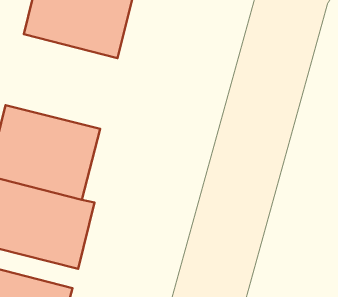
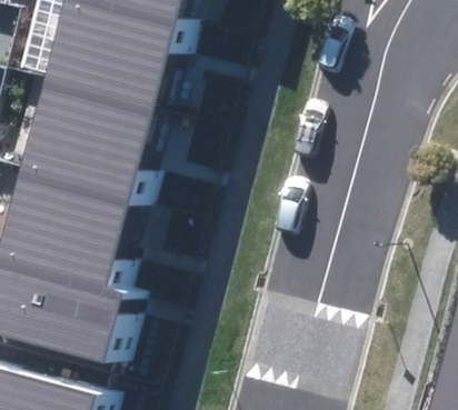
building: none -> [27,81,162,196]

